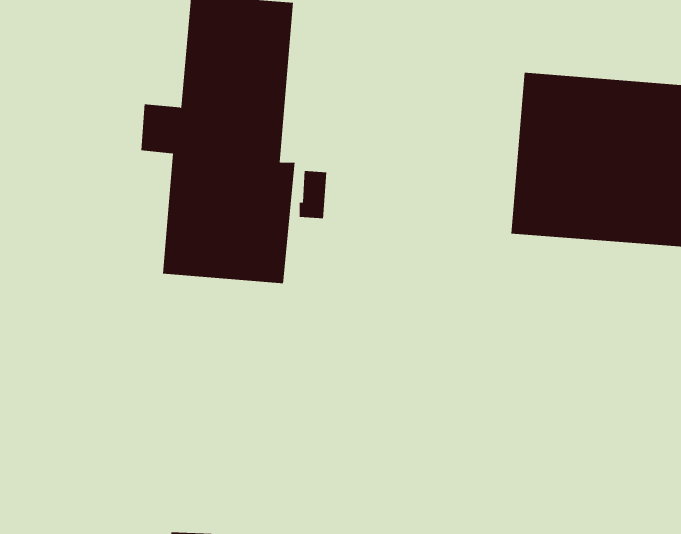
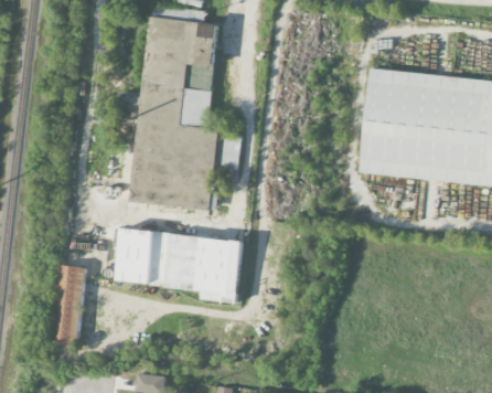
building: none -> [117,229,238,304]
building: none -> [52,265,84,347]

